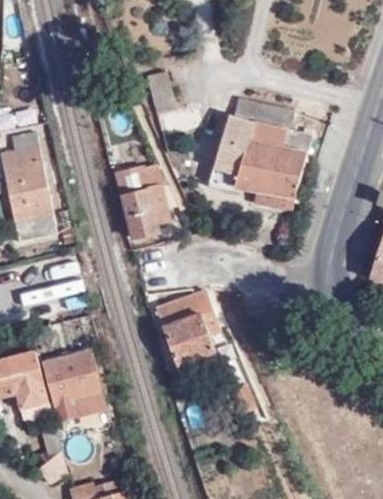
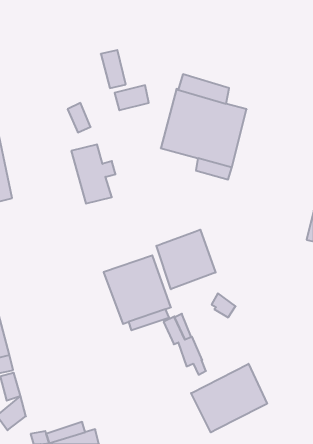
building: none -> [156,230,216,289]
building: [44,351,103,419] -> none
building: none -> [191,364,267,432]

